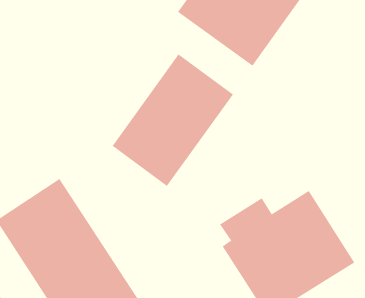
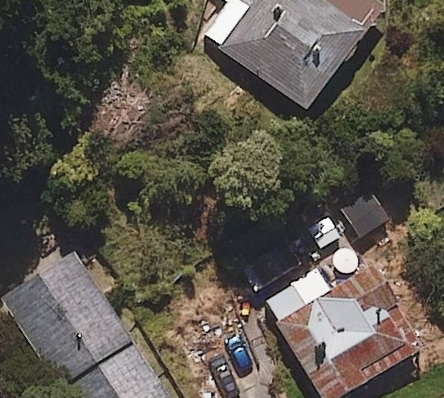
building: [112,53,234,187] -> none

